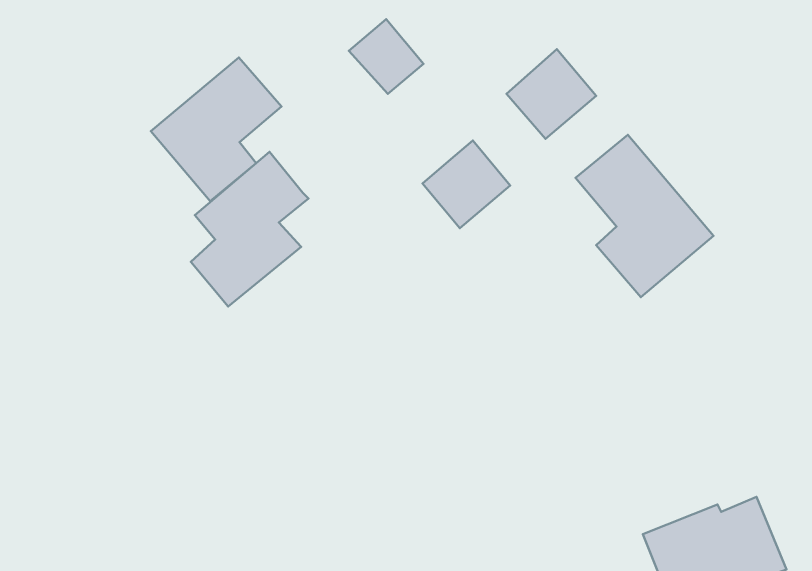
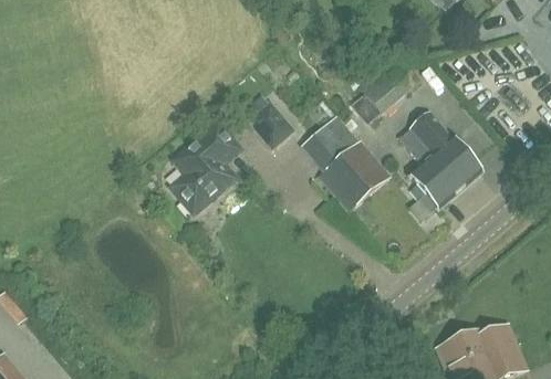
building: [349,19,423,94] -> [249,102,293,146]
building: [151,57,282,201] -> none
building: none -> [319,141,389,210]

